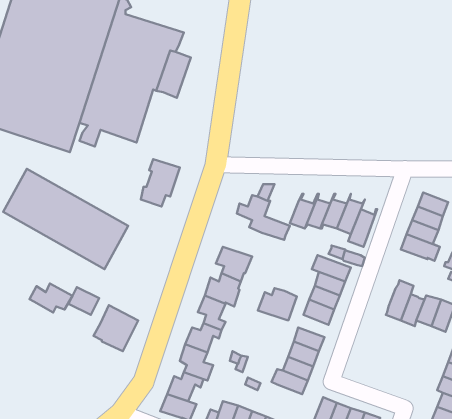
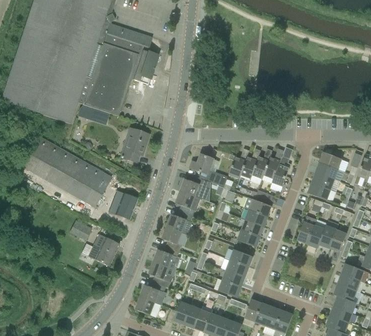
building: none -> [109,193,136,219]
building: [30,284,72,312] -> none
building: [258,288,297,320] -> [180,175,208,198]

